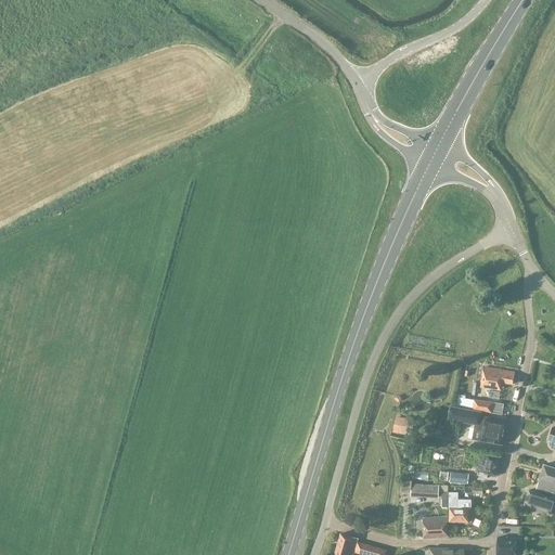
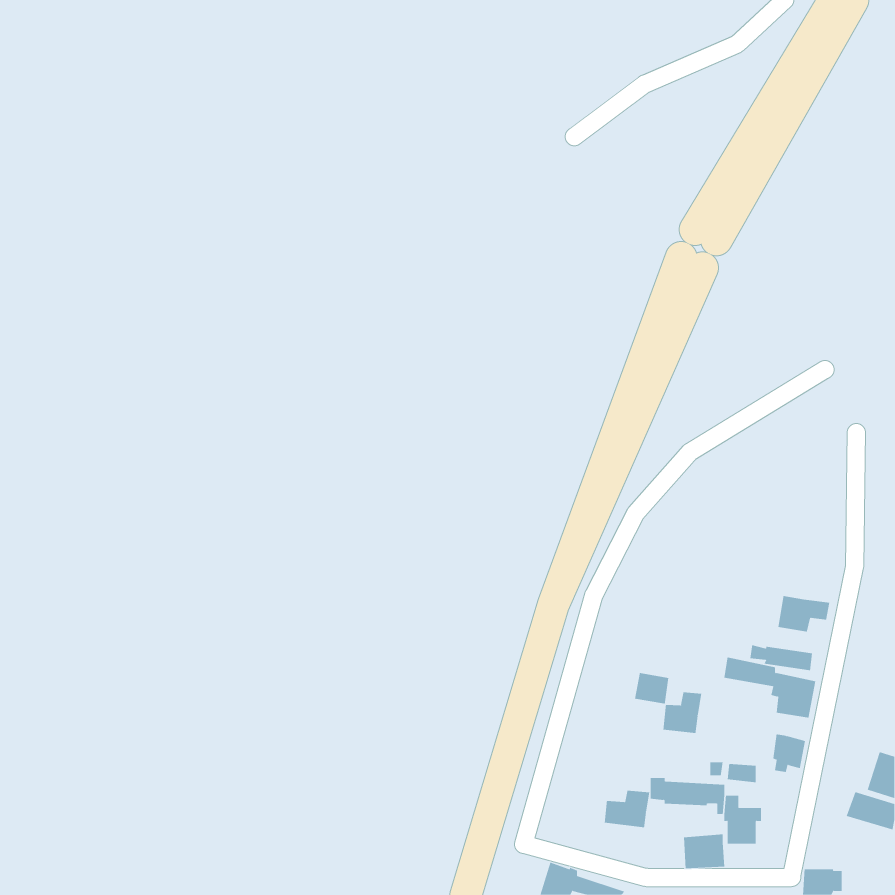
building: none -> [663,691,702,734]
building: none -> [604,790,650,828]

